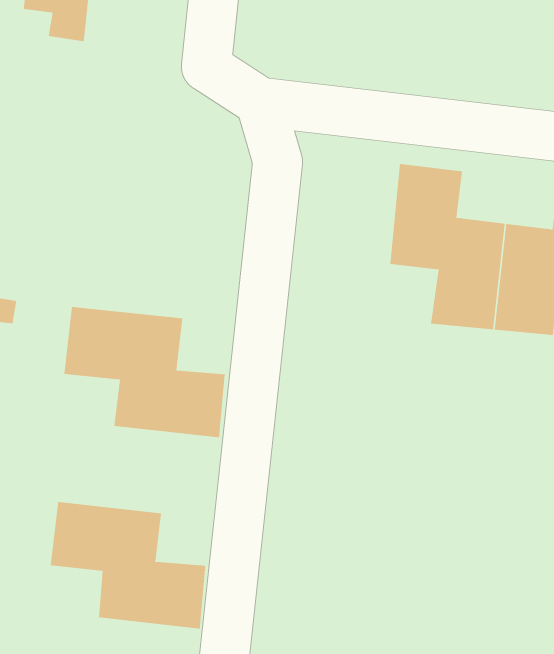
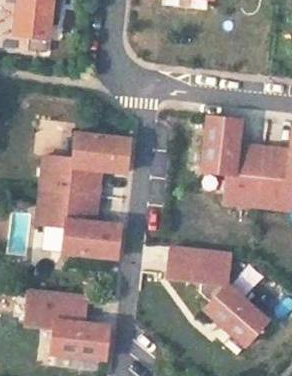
building: none -> [40,133,130,196]
building: none -> [164,247,266,346]

